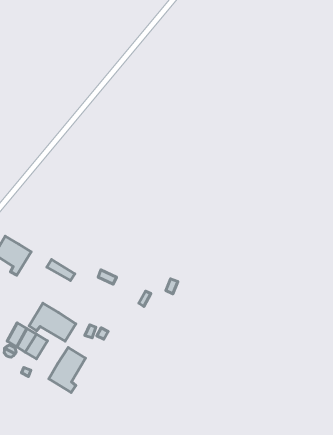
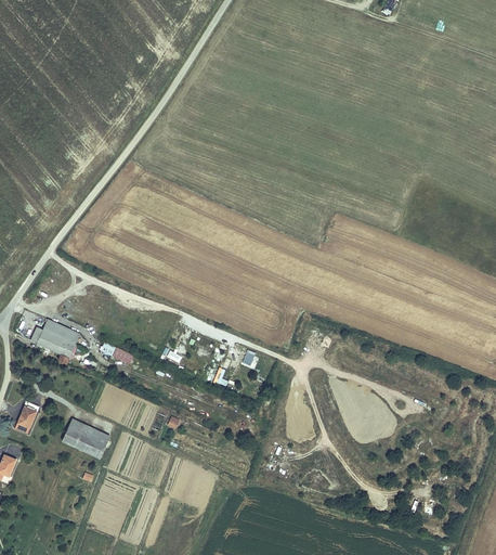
building: [29,303,76,341] -> none
building: [49,348,85,392] -> none

